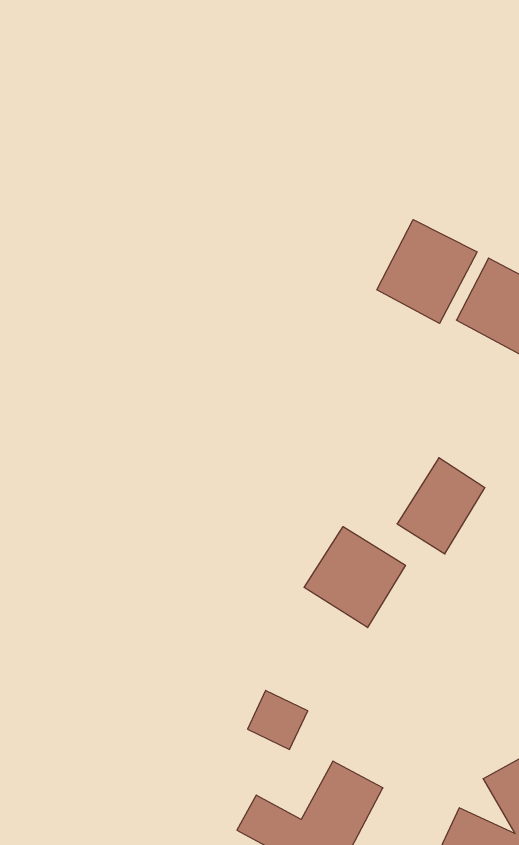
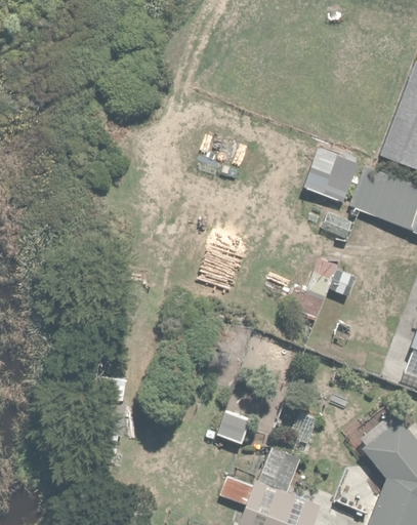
building: [377,220,477,323] -> none
building: [304,527,405,628] -> none

